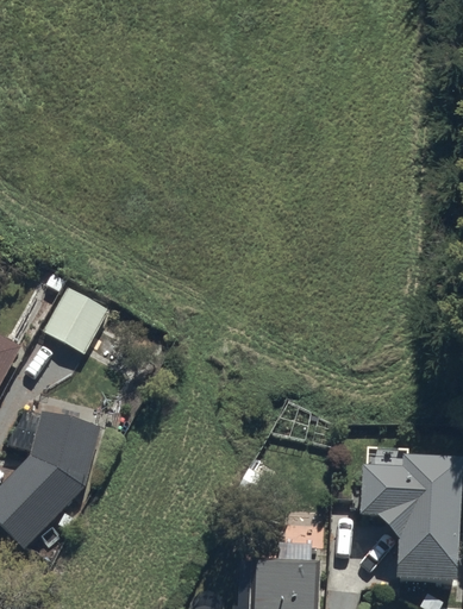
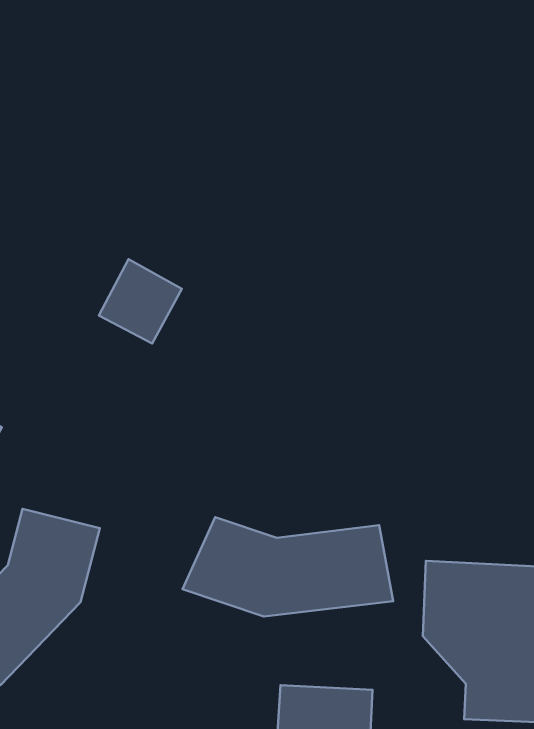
building: [43,287,110,354] -> [99,259,182,344]
building: none -> [183,517,393,617]

